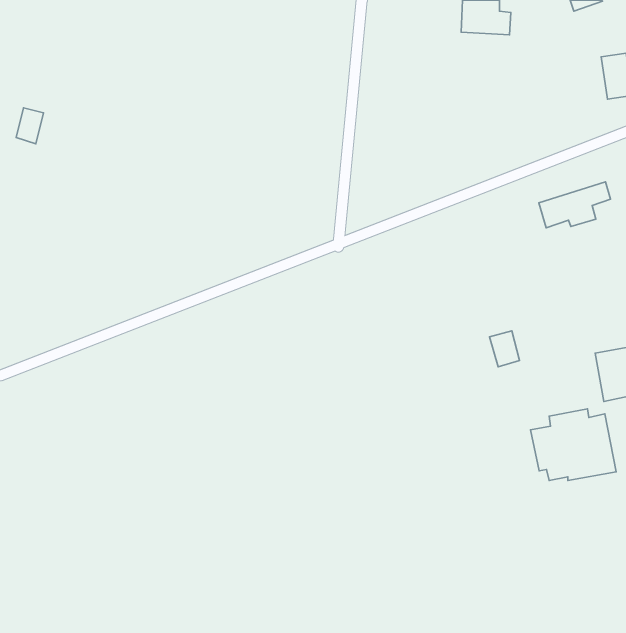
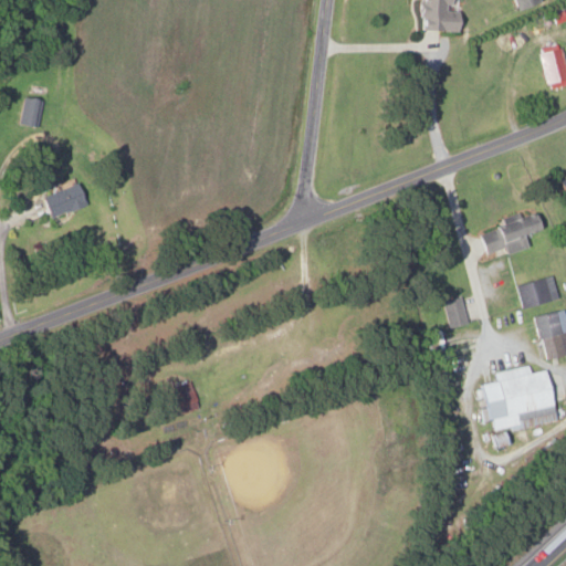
building: [539,182,611,228] -> [480,213,544,254]
building: none -> [42,182,87,218]
building: none -> [518,274,560,307]

